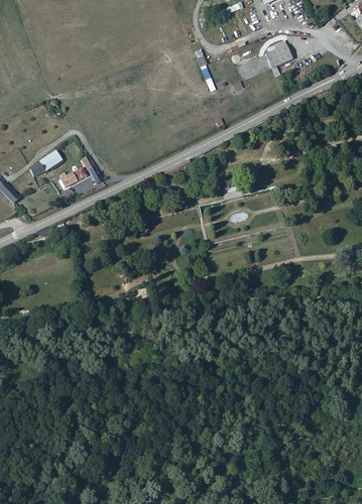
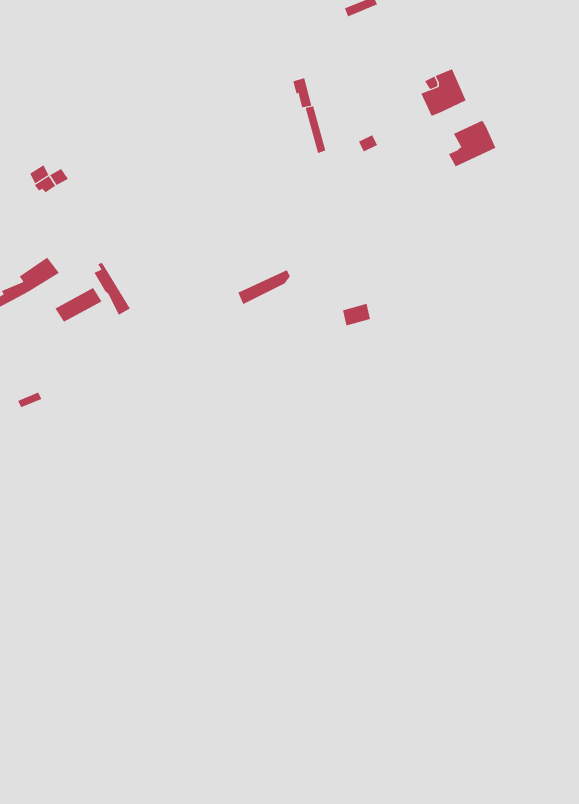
building: none -> [448,120,496,167]

